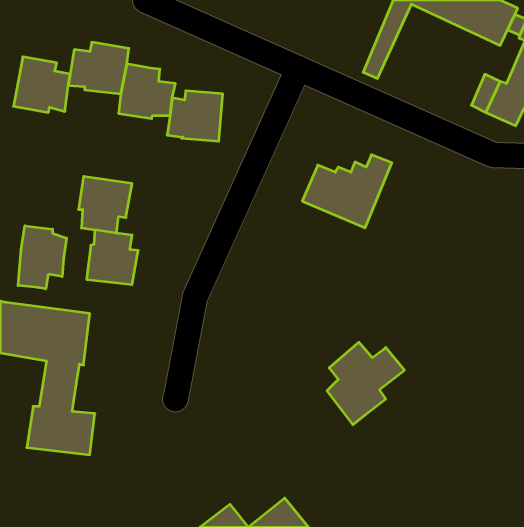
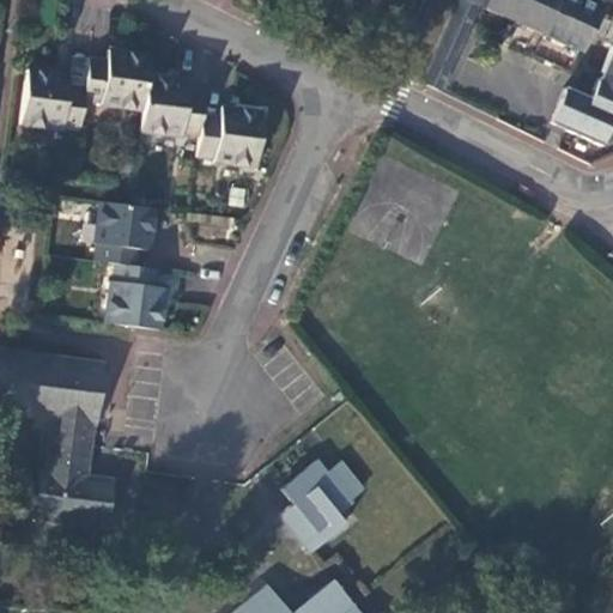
building: [18,226,67,289] -> none
building: [327,342,404,425] -> [278,453,368,548]

